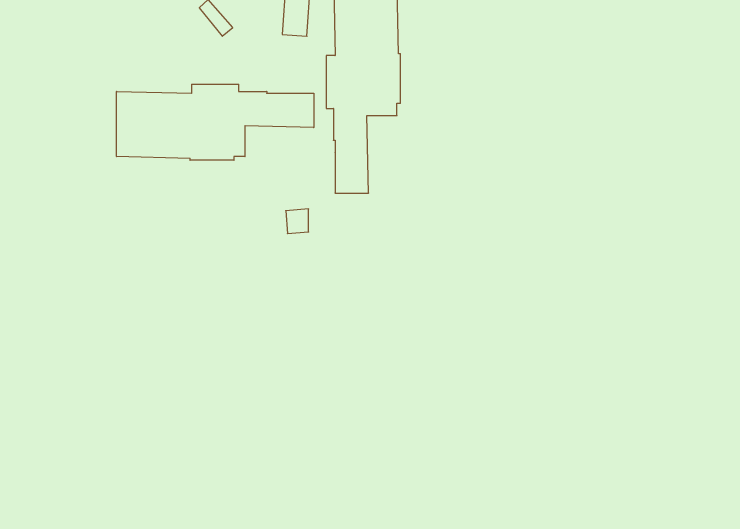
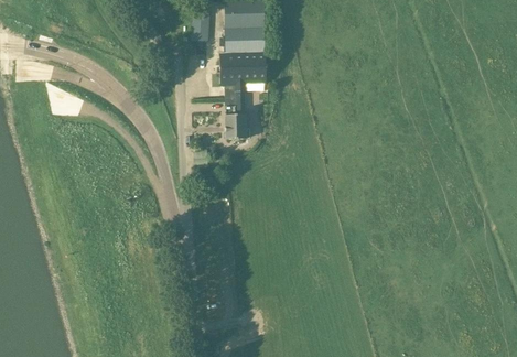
building: [117,84,314,160] -> none

